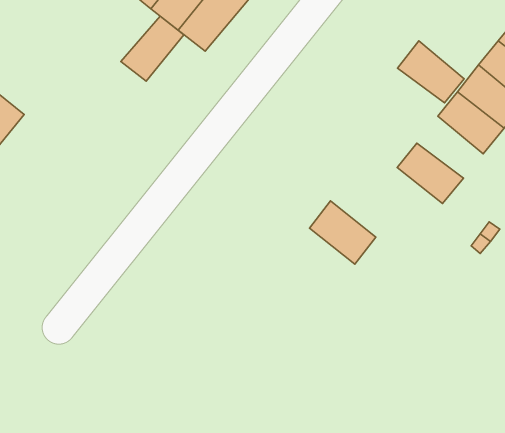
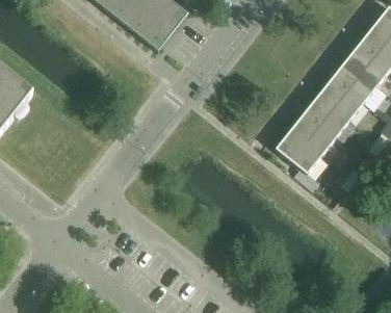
building: [121,16,184,81] -> none
building: [398,41,464,103] -> [303,94,348,136]
building: [309,201,376,264] -> [275,129,320,173]

